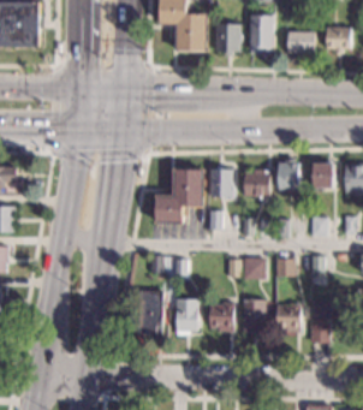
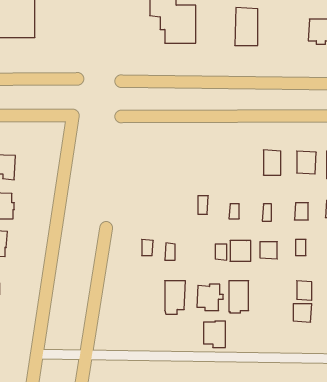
building: [215,22,240,52] -> none
building: [288,30,315,52] -> none
building: [210,165,233,201] -> none
building: [156,170,203,224] -> none
building: [245,170,269,196] -> none
building: [139,292,162,332] -> none
building: [276,303,299,331] -> [204,321,225,347]

